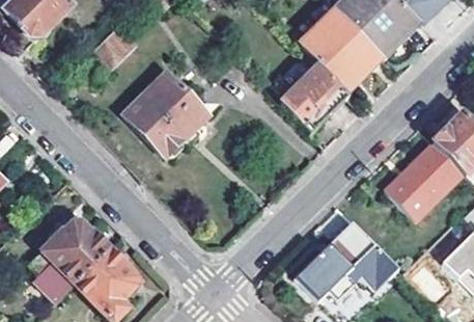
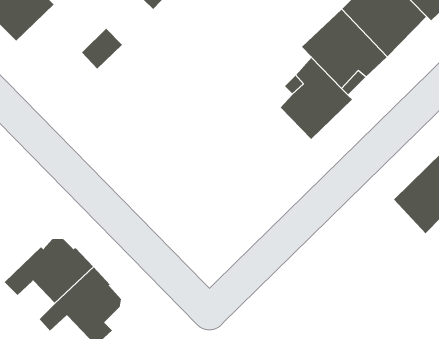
building: [126,71,218,157] -> none
building: [295,219,398,301] -> none

